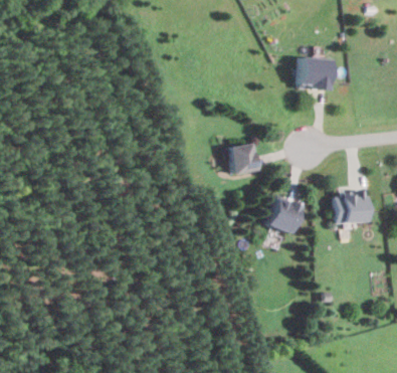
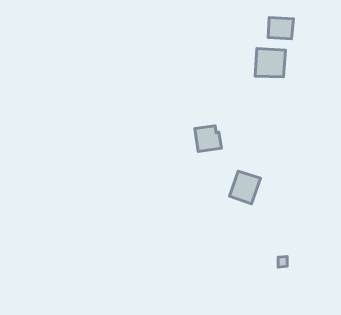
building: none -> [268,17,293,39]
building: [335,190,371,223] -> none

